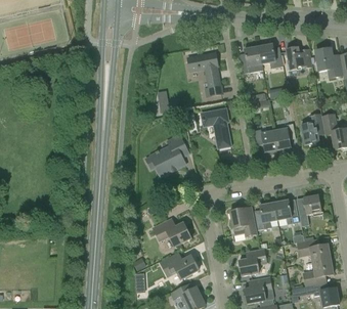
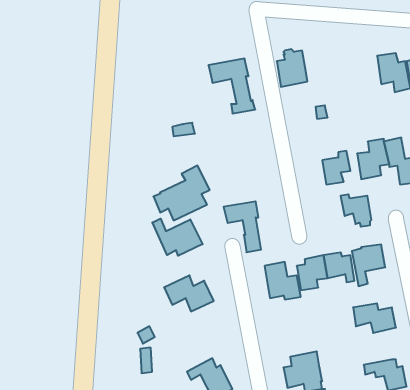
building: [259,44,284,68] -> none
building: [286,46,312,71] -> none
building: [202,108,230,147] -> [224,201,261,252]
building: [254,129,277,153] -> [341,194,371,227]
building: none -> [152,219,203,256]
building: [240,249,267,275] -> none
building: [161,252,199,279] -> none
building: [303,258,334,286] -> none

